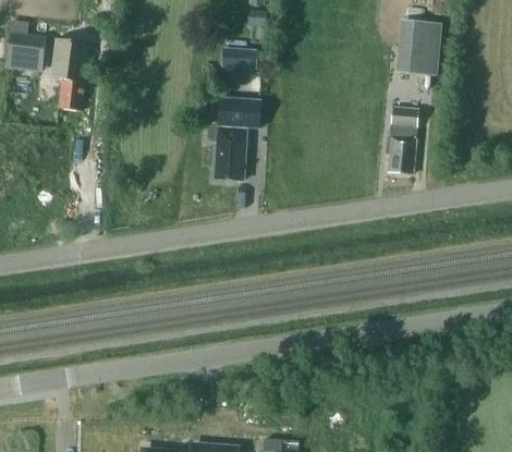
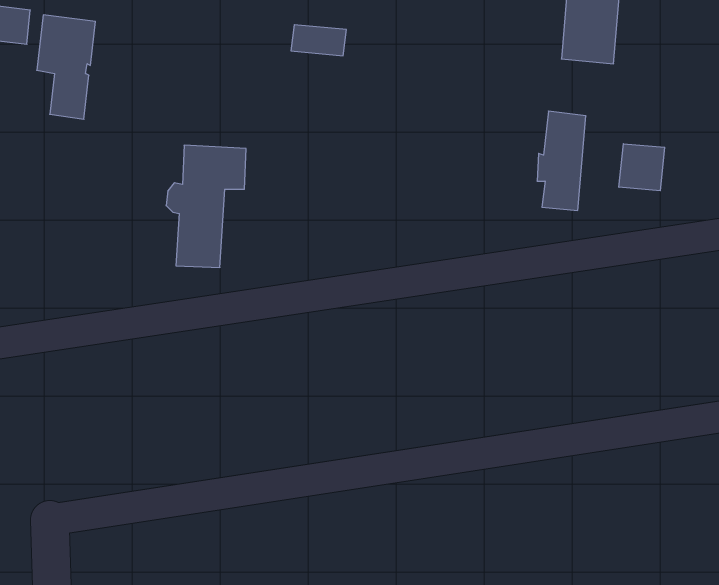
building: [207,96,260,178] -> [166,145,246,267]
building: none -> [619,144,665,191]

